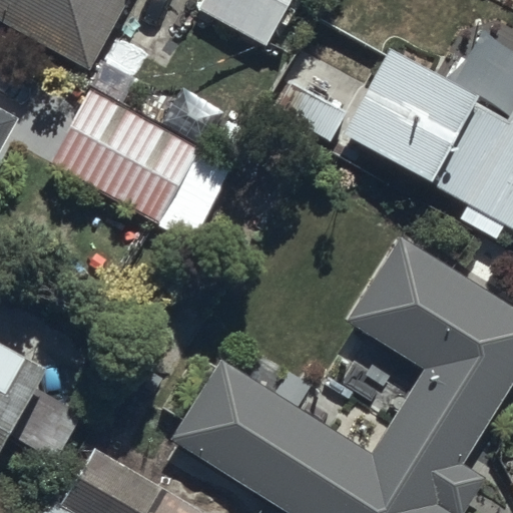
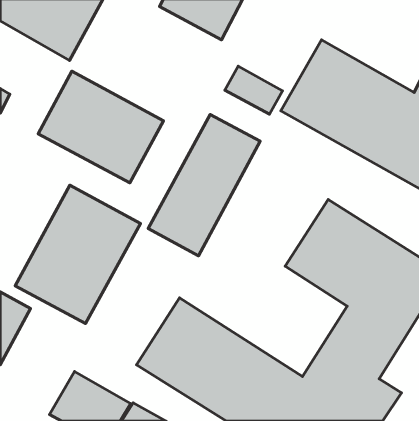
building: none -> [148,115,260,256]
building: none -> [15,185,140,323]

